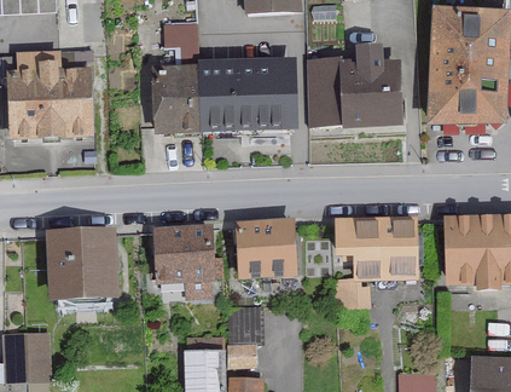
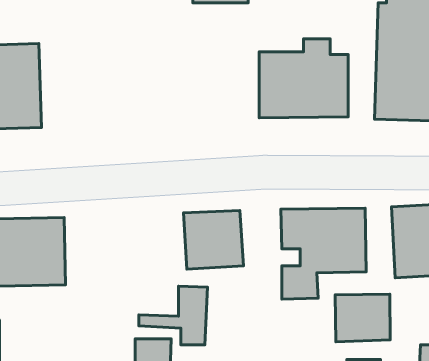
building: [151,23,294,137] -> none
building: [152,223,211,295] -> none
building: none -> [335,294,390,342]

